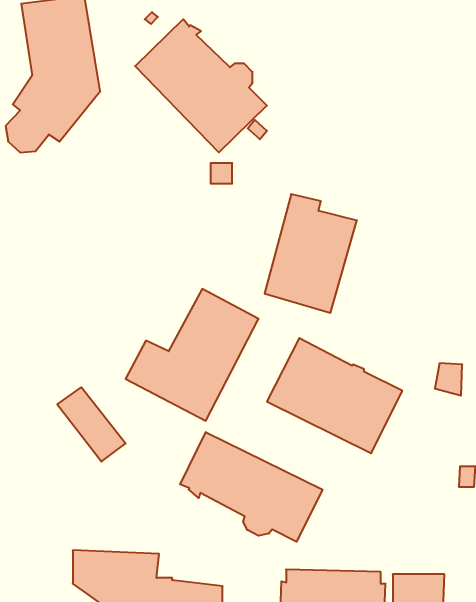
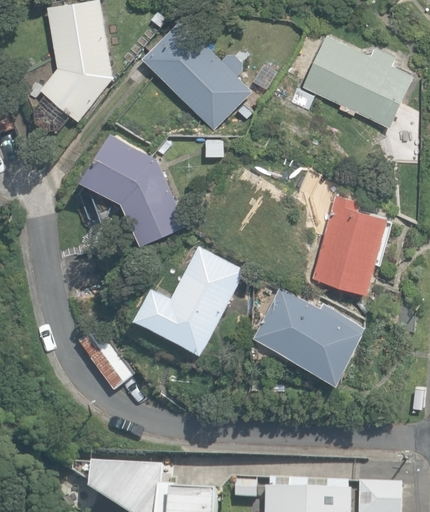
building: none -> [302,34,414,128]
building: none -> [83,130,186,246]
building: [265,194,357,313] -> [312,195,389,294]
building: [180,432,322,542] -> none

